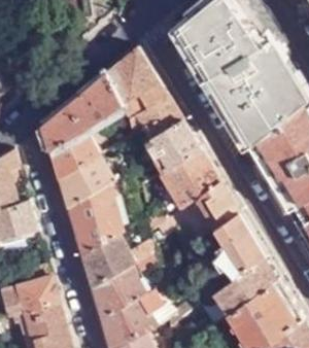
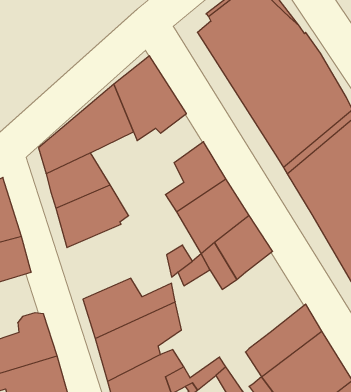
building: [128,97,181,143] -> none
building: [67,189,127,252] -> none
building: [216,212,267,280] -> none

